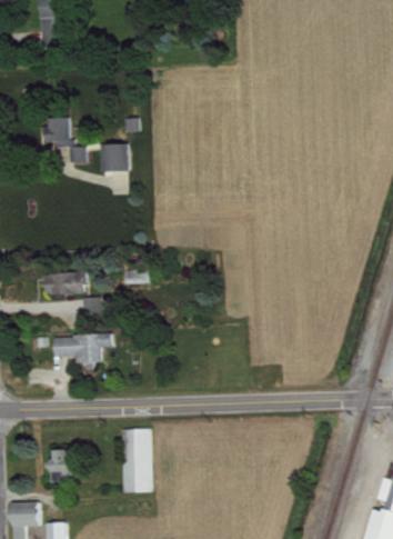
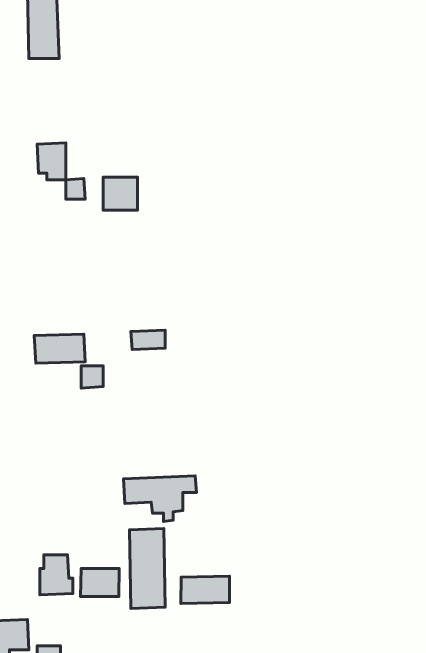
building: [52,333,111,370] -> [124,476,197,521]
building: none -> [81,569,119,597]
building: none -> [181,576,230,603]

